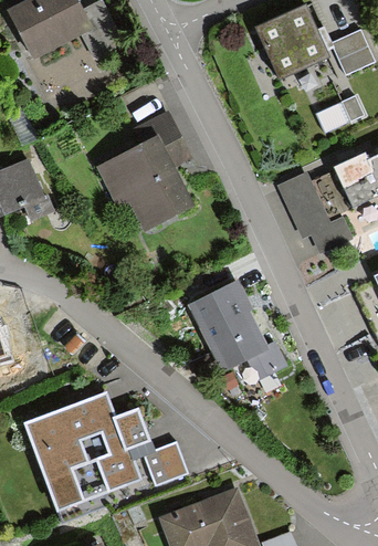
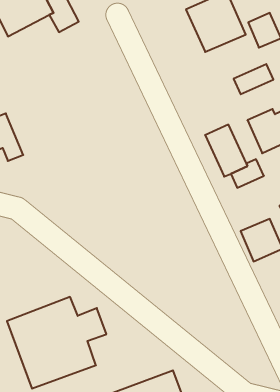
building: [92,112,186,227] -> none
building: [188,279,290,380] -> none
building: [144,441,189,485] -> none

